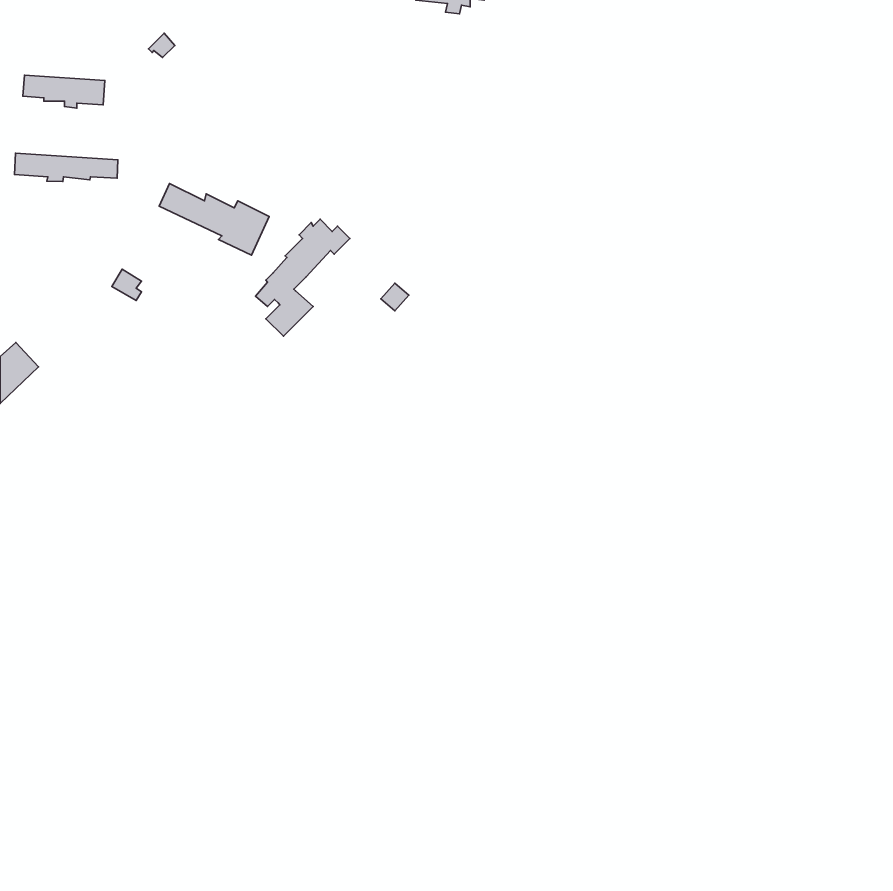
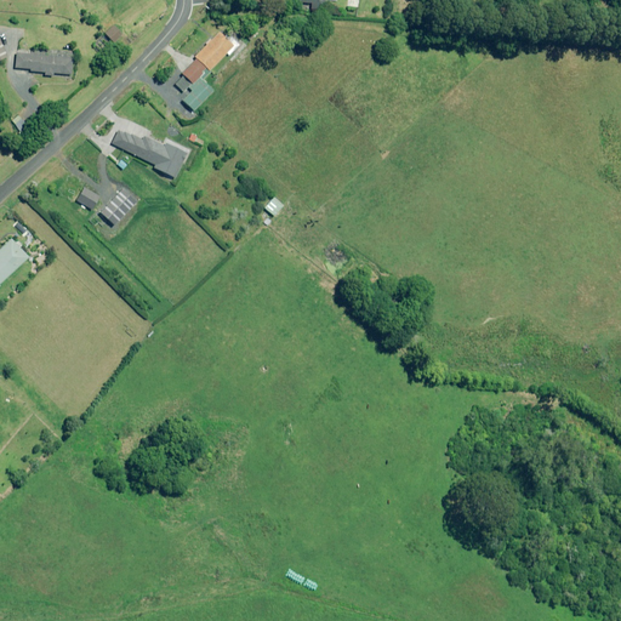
building: [14,153,118,182] -> none
building: [255,219,350,336] -> [173,30,239,112]

